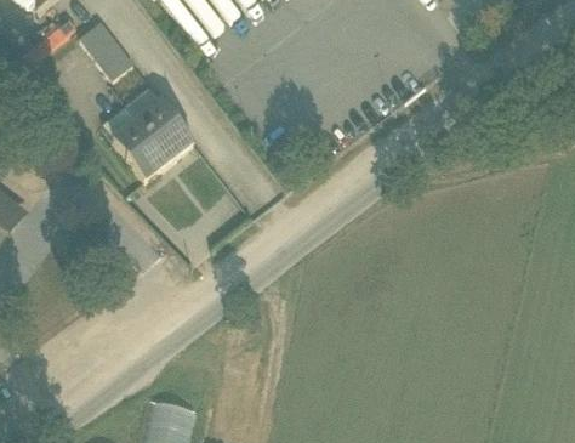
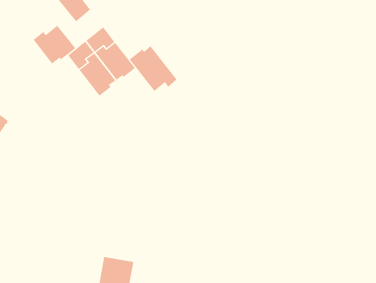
building: none -> [33,25,76,65]
building: none -> [129,46,177,92]

